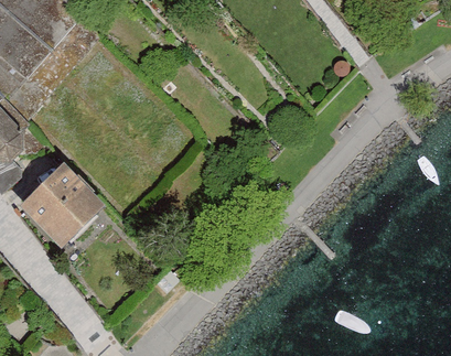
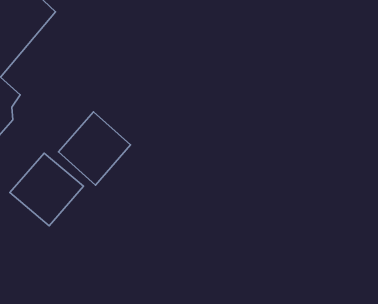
building: none -> [59,112,130,185]

